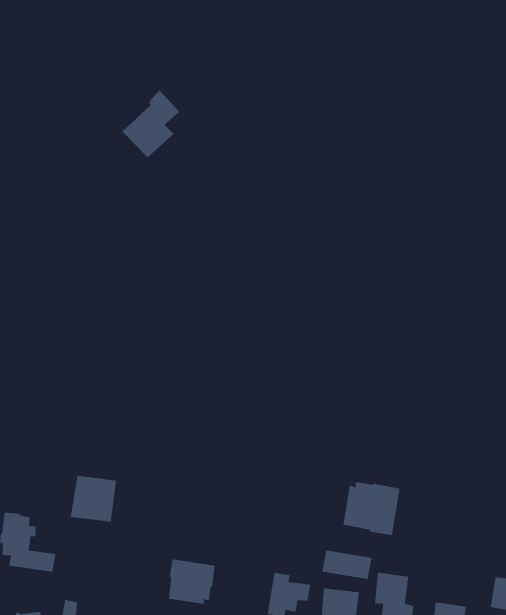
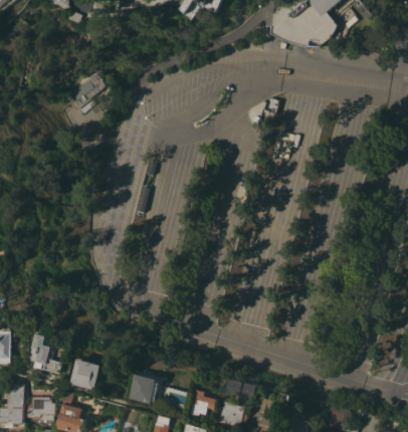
building: [122,89,180,158] -> [68,71,106,113]
building: [70,475,117,522] -> [70,359,101,390]
building: [343,481,400,536] -> none

